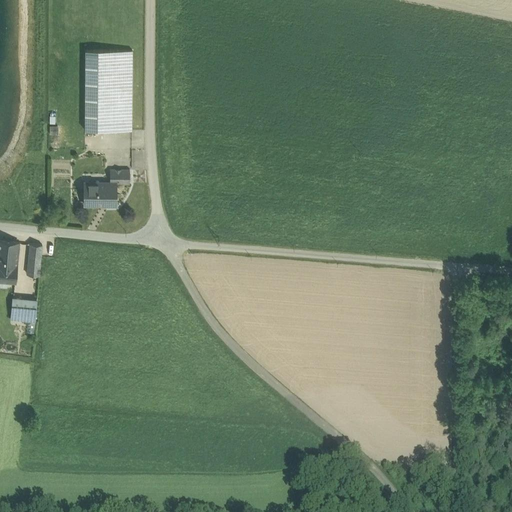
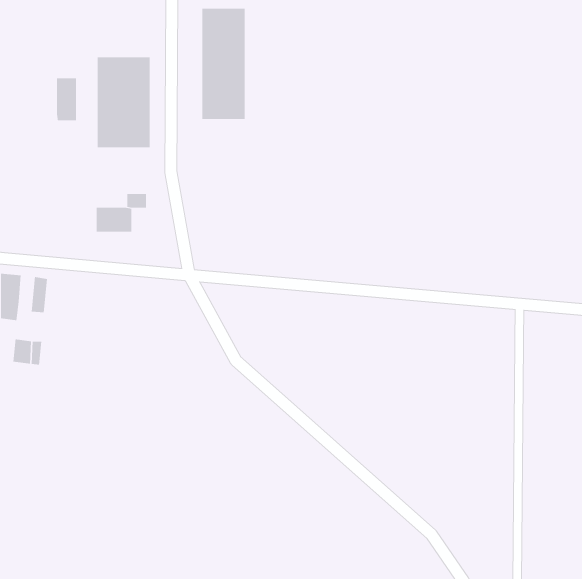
building: none -> [202,8,245,120]
building: none -> [56,77,77,121]

